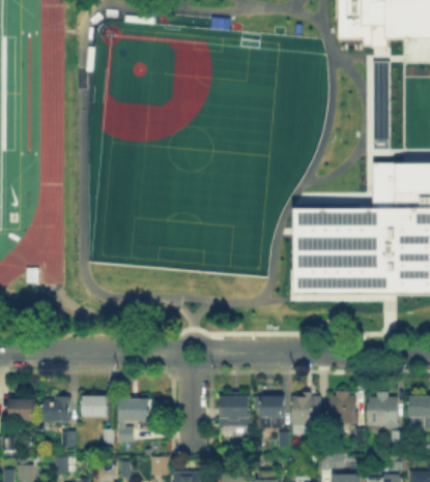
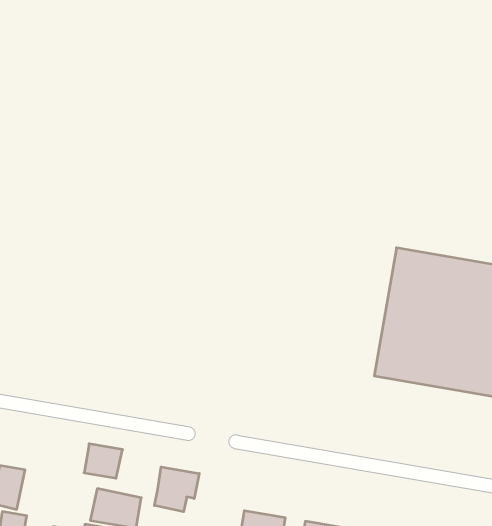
building: none -> [154,467,199,512]
building: [86,398,109,418] -> [84,444,123,478]

